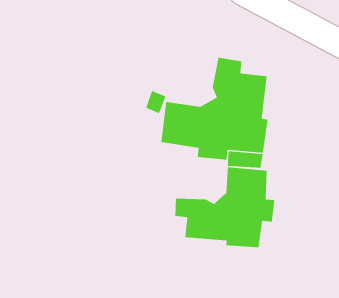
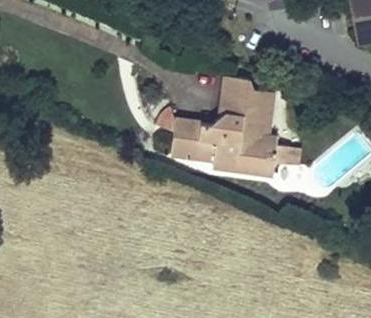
building: [175,167,275,248] -> none

